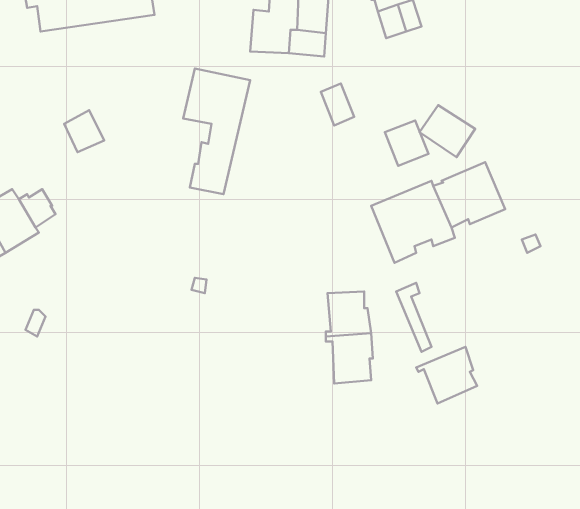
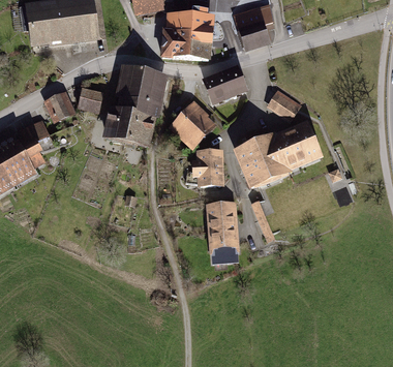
building: none -> [79,88,102,111]
building: none -> [108,97,139,140]
building: [385,120,428,166] -> [218,68,245,96]
building: none -> [174,101,212,144]
building: none -> [18,119,49,146]
building: none -> [186,151,221,185]
building: [416,347,477,404] -> none

